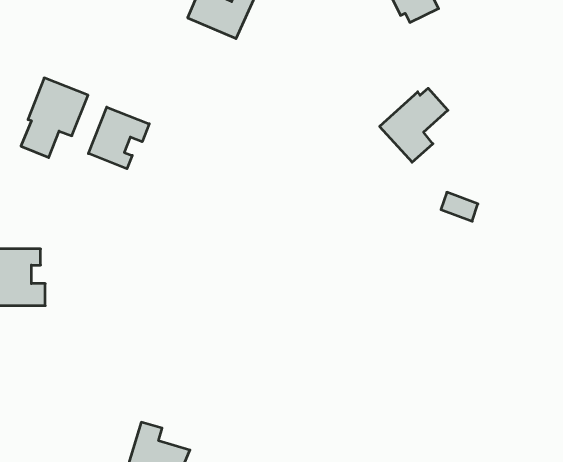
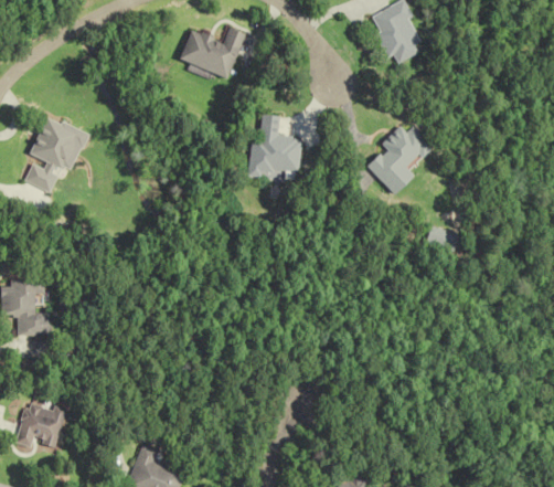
building: none -> [249,116,301,177]
building: [88,107,149,169] -> none
building: none -> [13,402,65,449]

